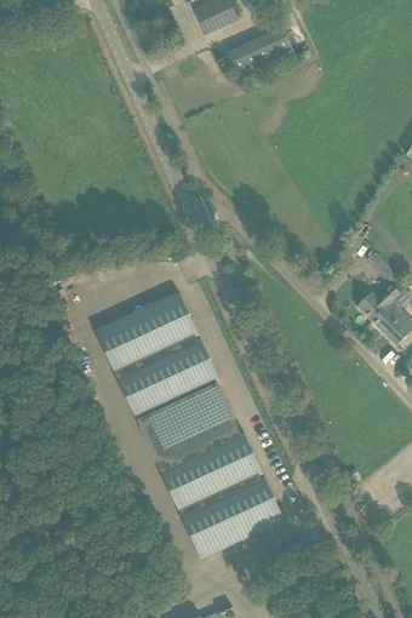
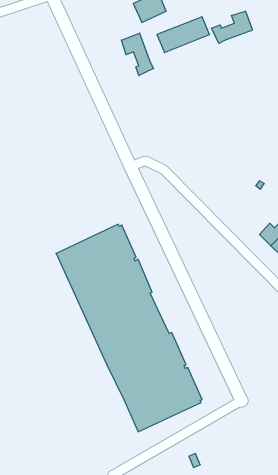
building: none -> [212,11,253,43]
building: none -> [121,33,154,76]

